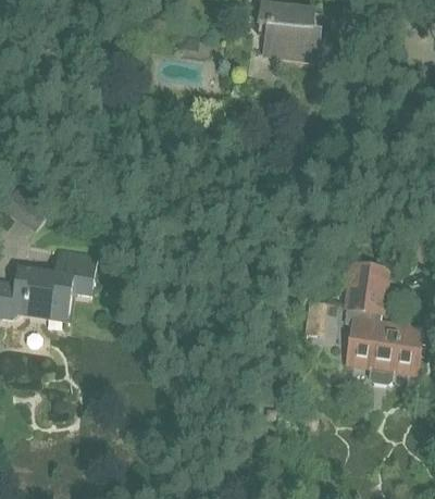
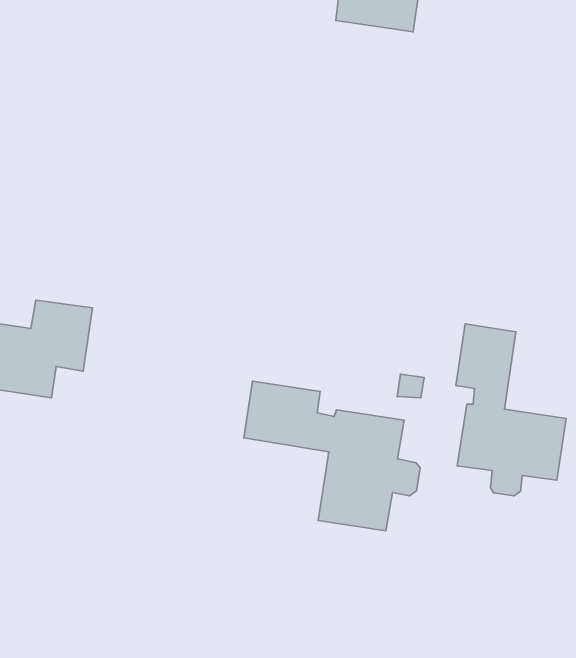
building: none -> [244,381,420,531]

